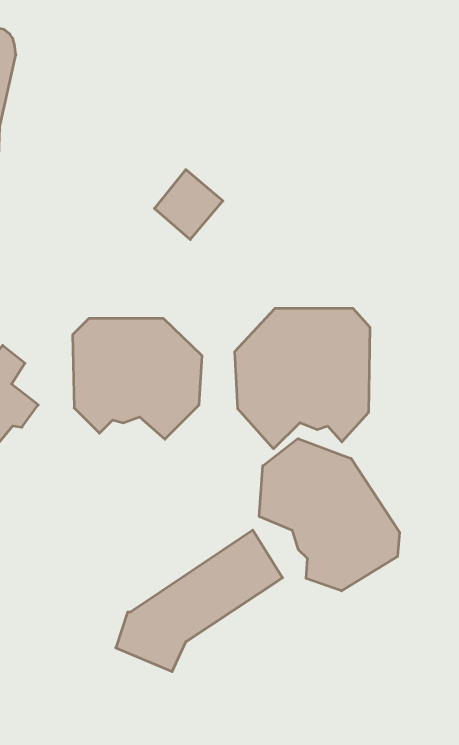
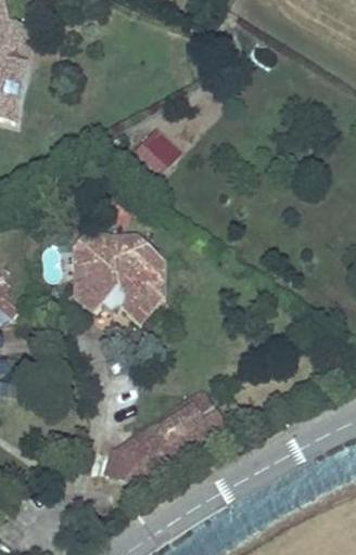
building: [235,308,370,449] -> none
building: [259,439,399,591] -> none

